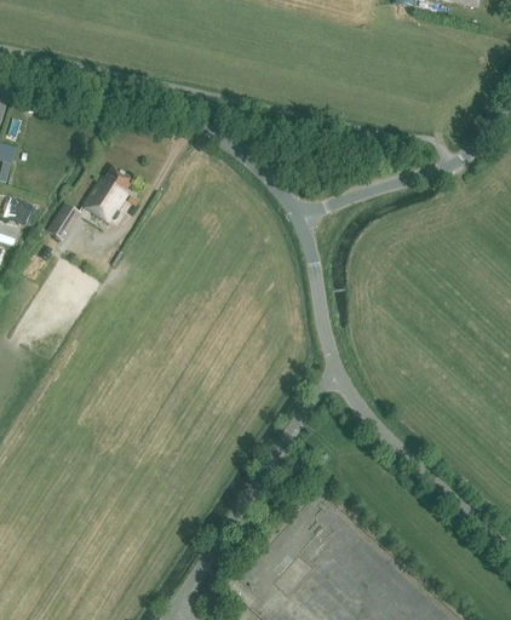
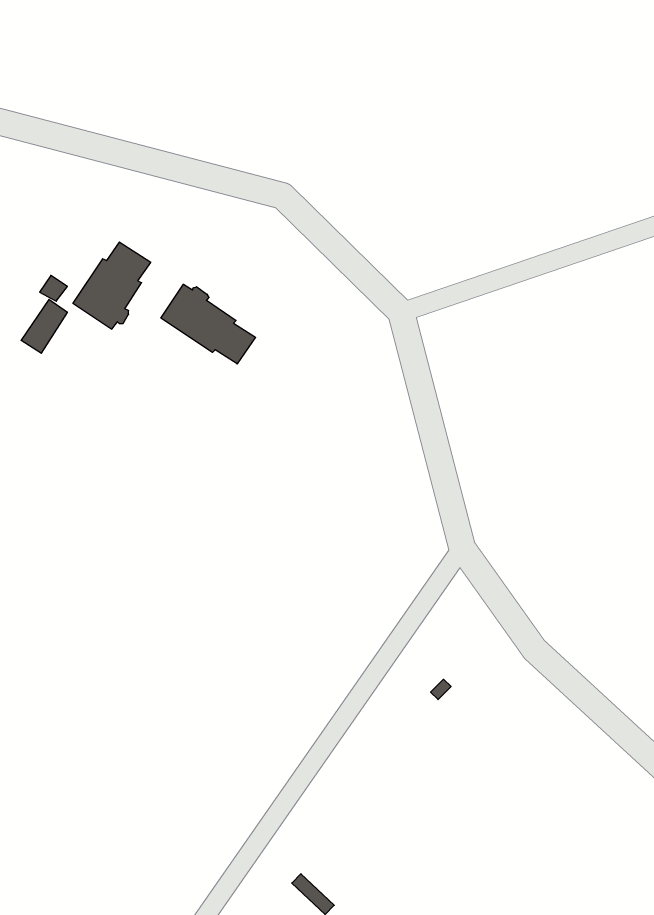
building: none -> [161,284,256,364]

